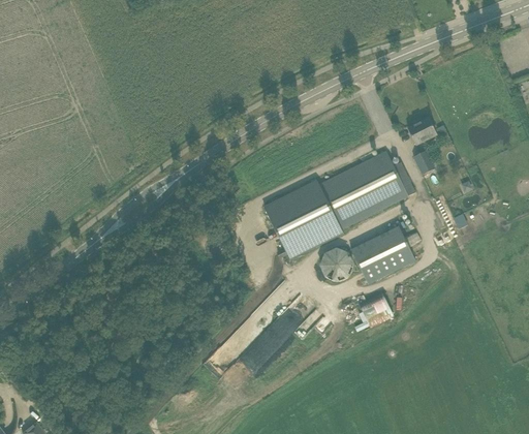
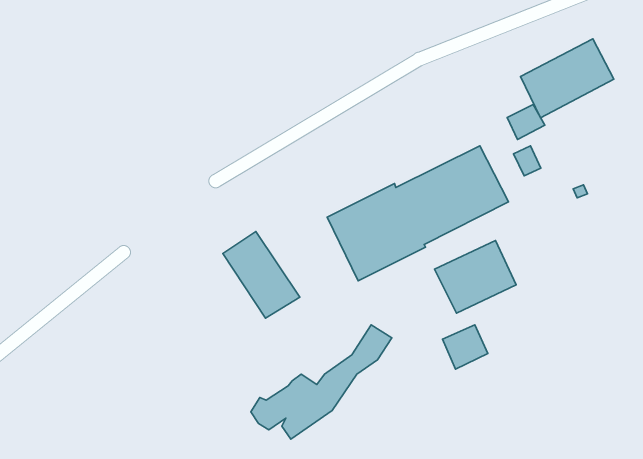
building: none -> [521,39,614,118]
building: none -> [223,231,300,318]
building: [315,245,353,282] -> none

